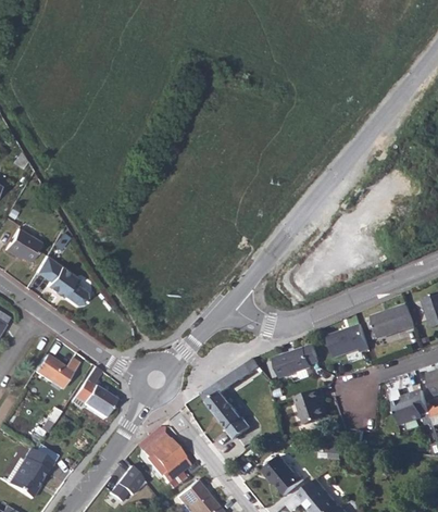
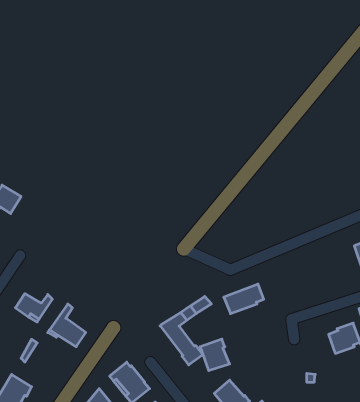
building: [38,258,88,307] -> none
building: [366,302,414,336] -> none
building: [327,324,370,358] -> none
building: [295,388,328,424] -> [200,339,230,371]

